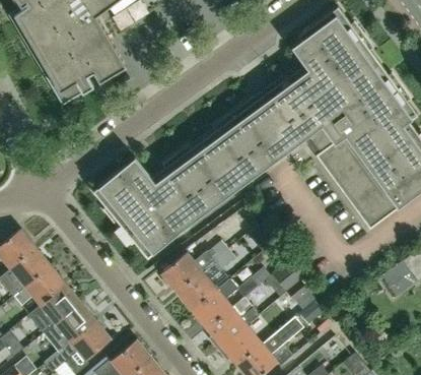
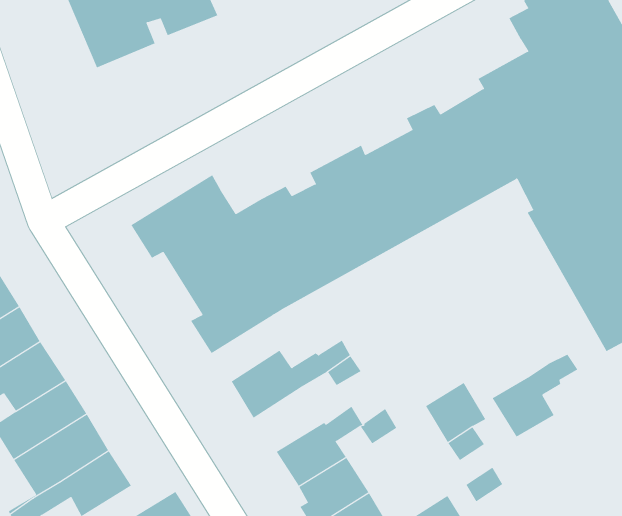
building: none -> [492,354,578,438]
building: [176,270,216,309] -> none

